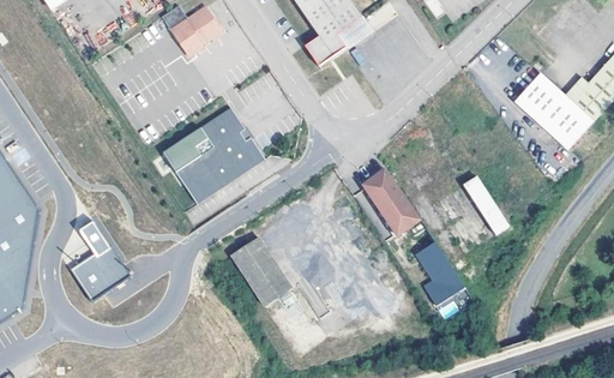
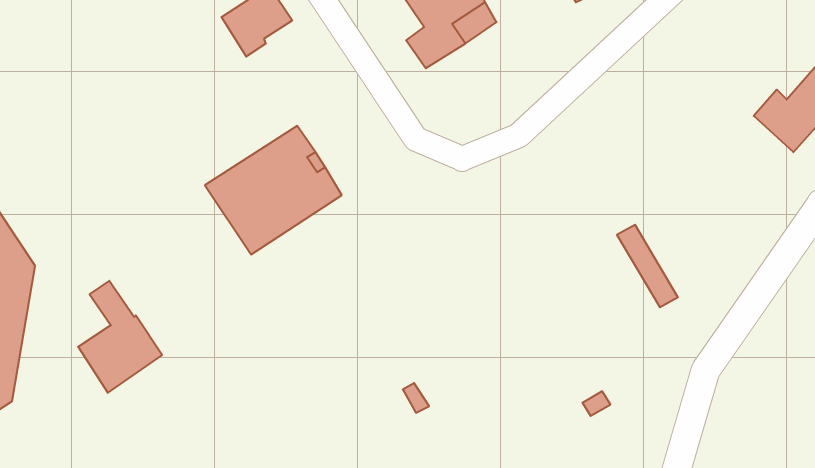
building: [512,76,589,149] -> none
building: [360,170,416,238] -> none
building: [231,232,290,299] -> none
building: [415,241,460,306] -> none

